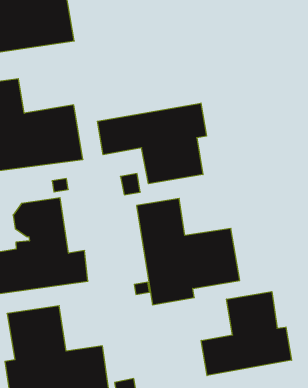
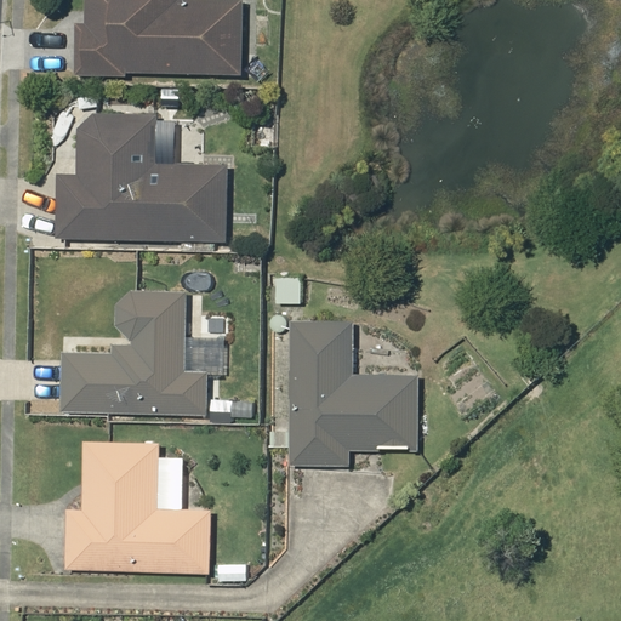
building: [97,103,206,184] -> none
building: [201,292,292,376] -> none

